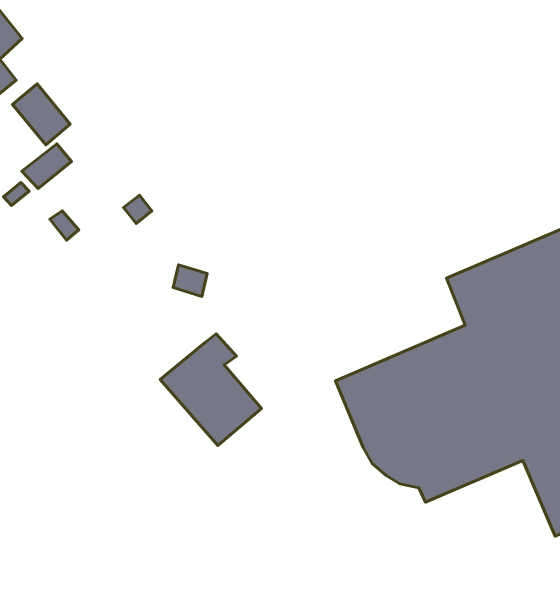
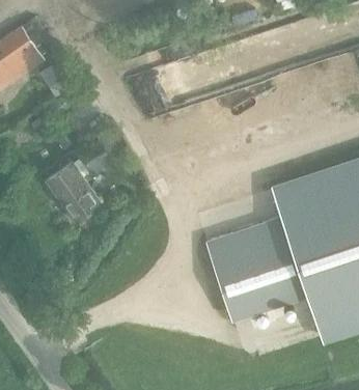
building: [160,334,261,446] -> [44,157,99,219]

